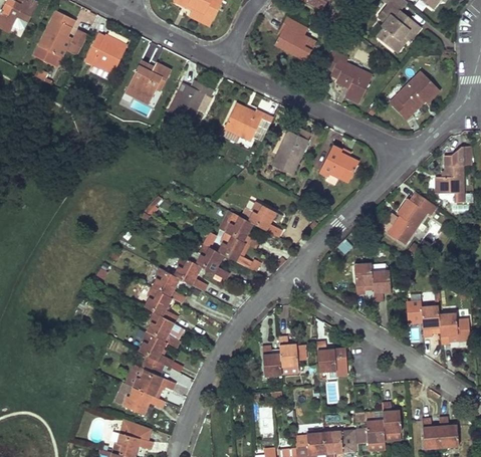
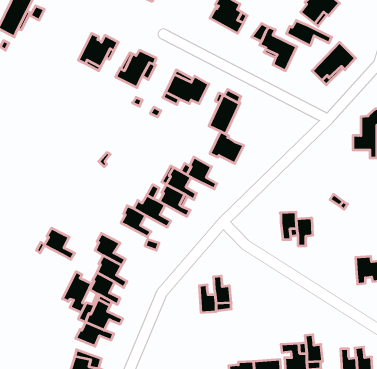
building: [86,34,126,73] -> none
building: none -> [286,20,332,46]
building: [320,146,358,182] -> [210,131,244,163]
building: [381,192,436,244] -> none
building: [152,268,186,303] -> [44,228,75,259]
building: [409,300,440,337] -> none
building: none -> [62,272,92,313]
building: [317,340,347,376] -> none

